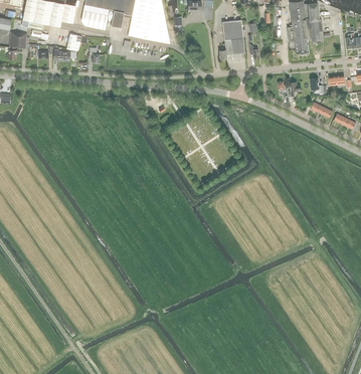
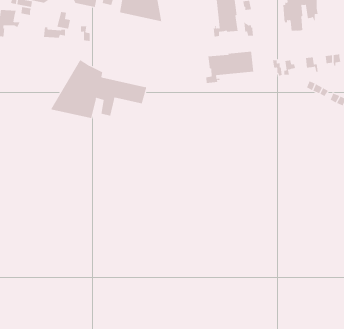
building: none -> [206,51,254,84]
building: none -> [50,59,147,119]

